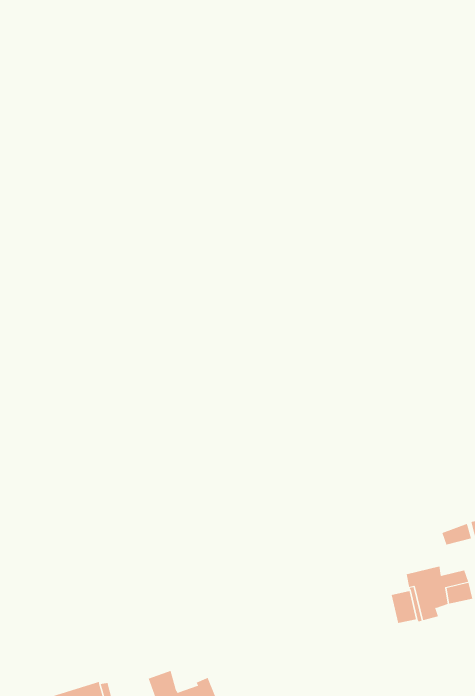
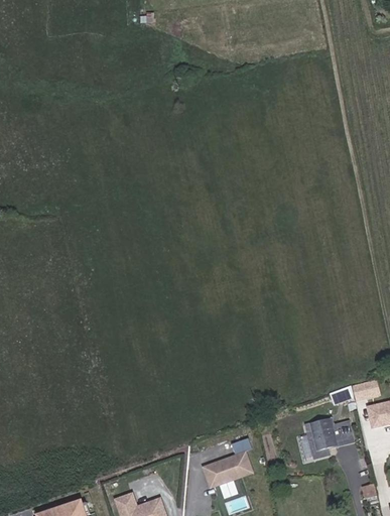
building: none -> [203,452,252,488]

